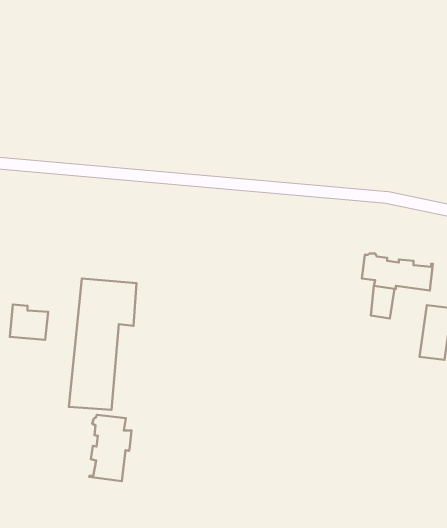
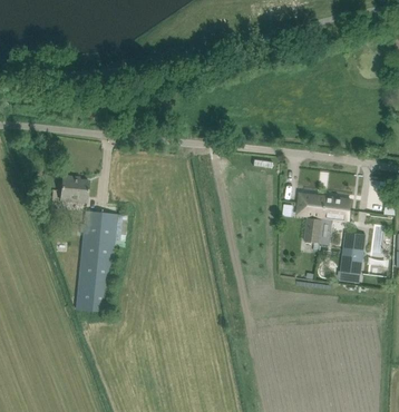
building: [10,304,48,340] -> [59,175,88,202]
building: [89,415,131,481] -> none

